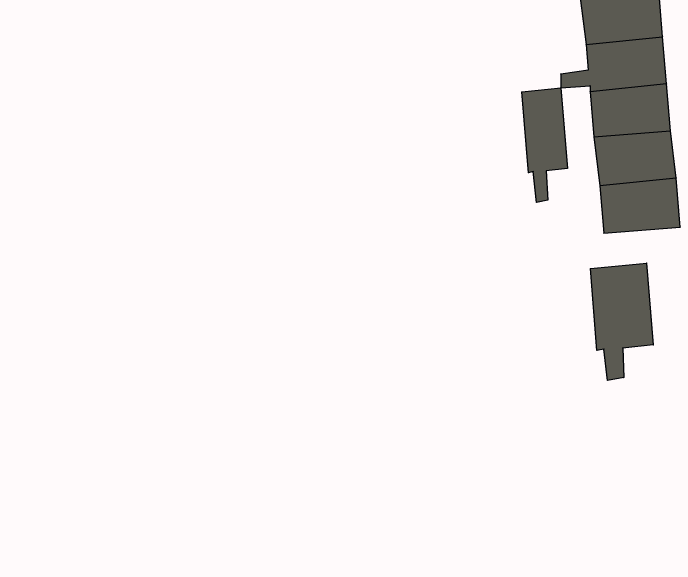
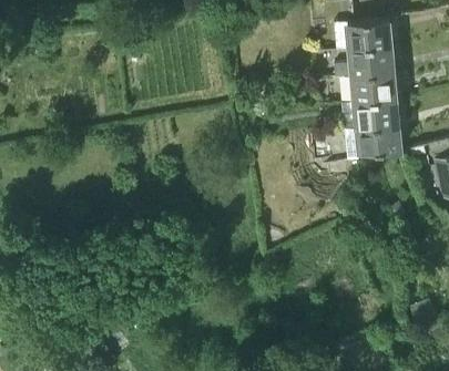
building: [522,88,567,202] -> none
building: [590,263,653,380] -> none

